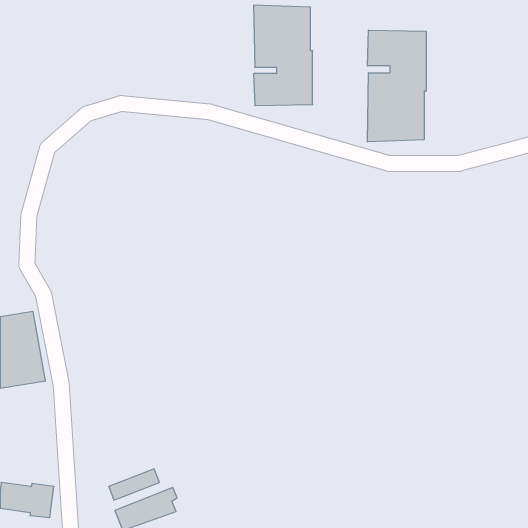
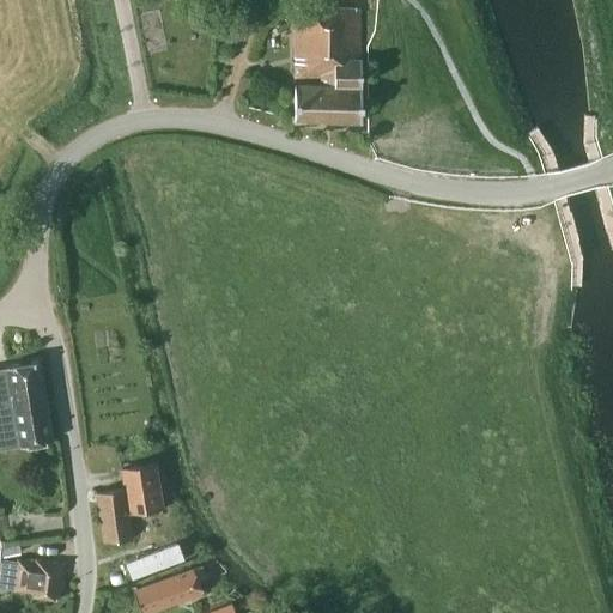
building: [368,30,426,142] -> none
building: none -> [97,466,163,542]

